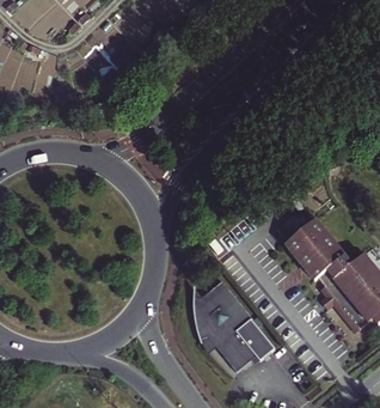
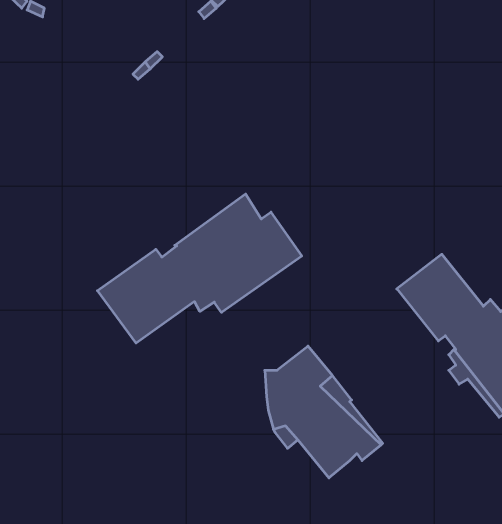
building: none -> [97,194,302,343]

